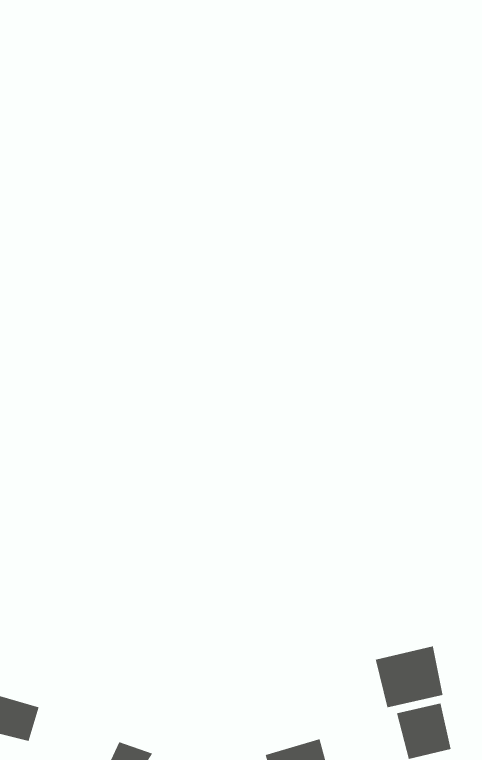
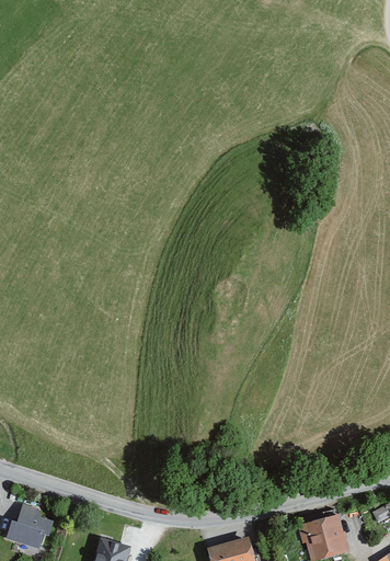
building: [375,646,443,708] -> none

